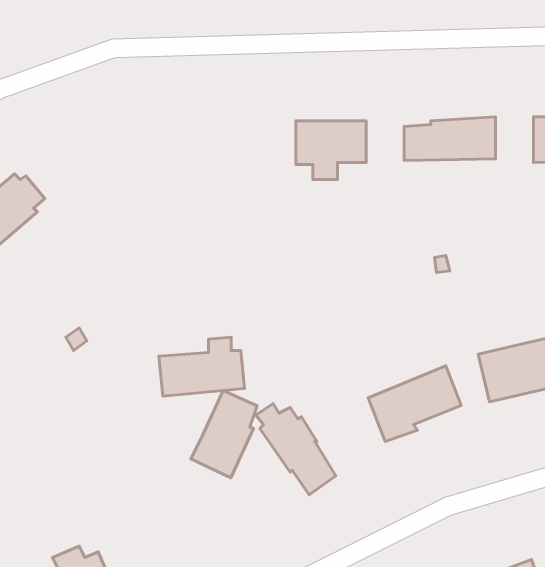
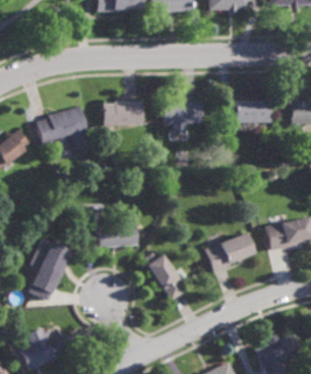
building: none -> [104,101,143,129]
building: none -> [39,107,92,157]
building: [191,391,257,478] -> [33,242,68,289]

